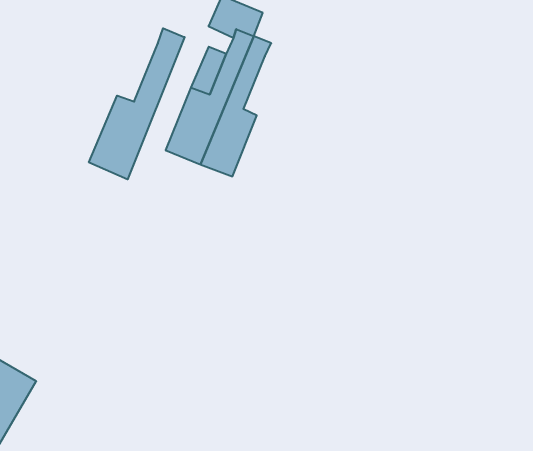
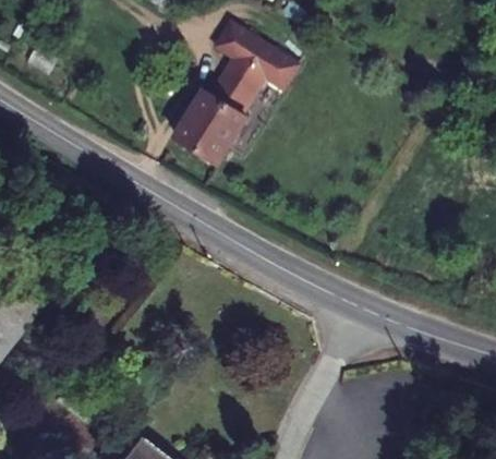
building: none -> [250,41,294,89]
building: [89,28,185,179] -> none

